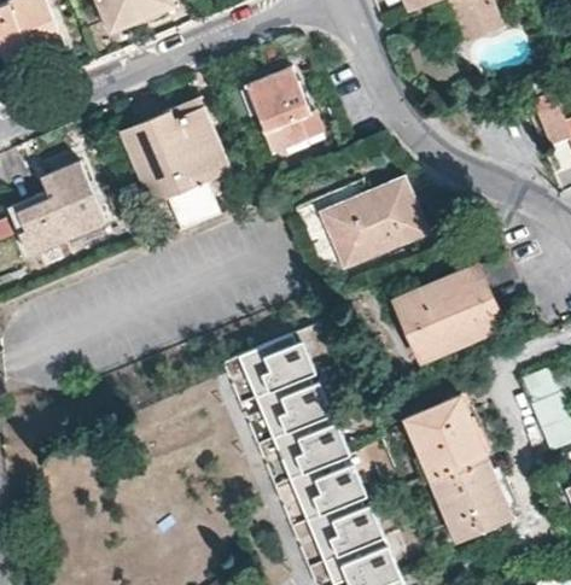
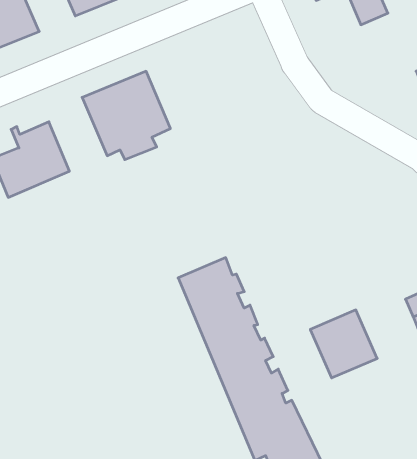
building: [245,65,324,153] -> none
building: [319,177,426,267] -> none
building: [391,264,501,361] -> none
building: [429,456,513,543] -> none

